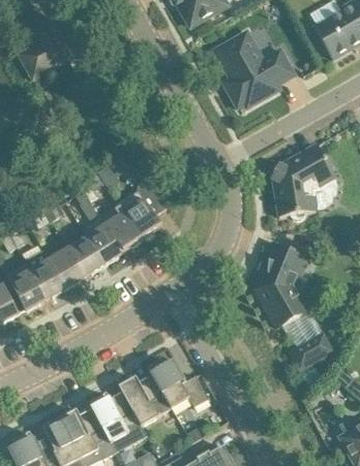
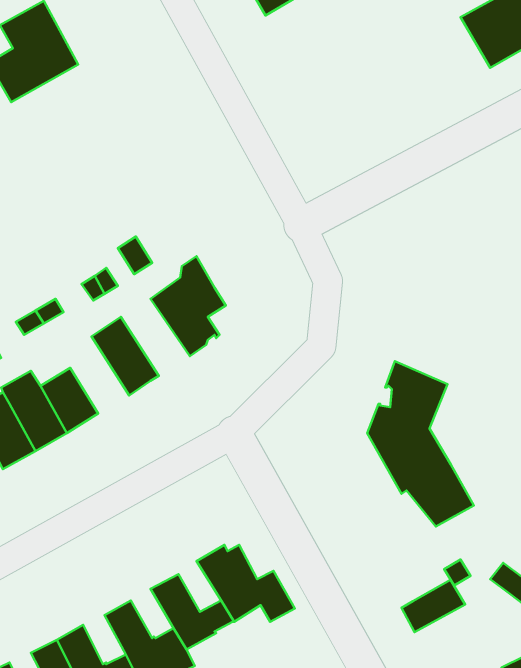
building: [214,30,296,107] -> none
building: [272,144,336,218] -> none
building: [100,204,144,252] -> none
building: [63,227,106,276] -> none
building: [292,334,332,367] -> [401,580,465,632]

